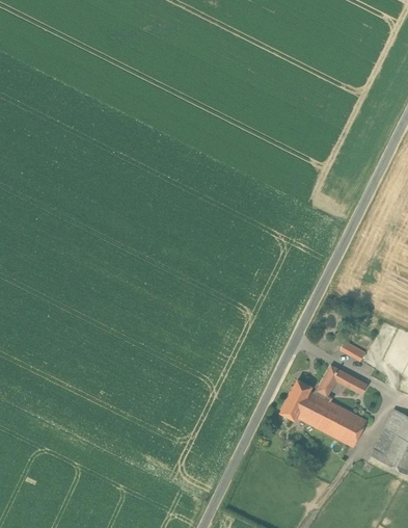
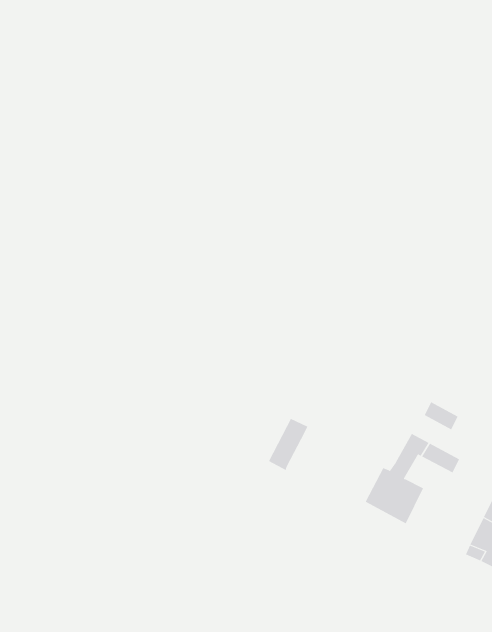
building: [281,380,311,420] -> [268,418,308,471]
building: [327,406,368,447] -> none

